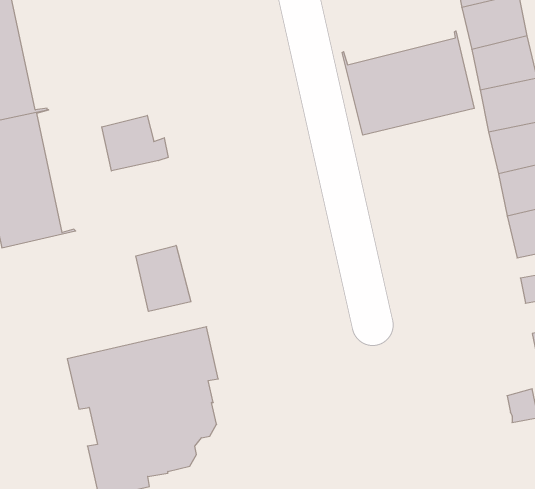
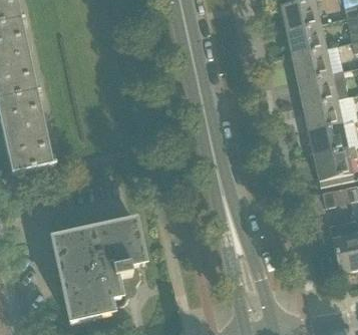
building: [342,31,474,135] -> none
building: [102,115,168,171] -> none
building: [136,245,191,311] -> none

